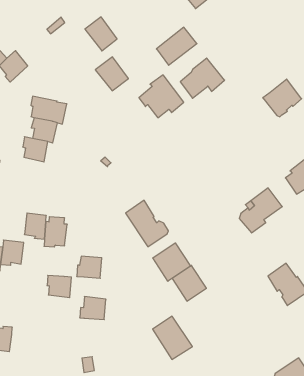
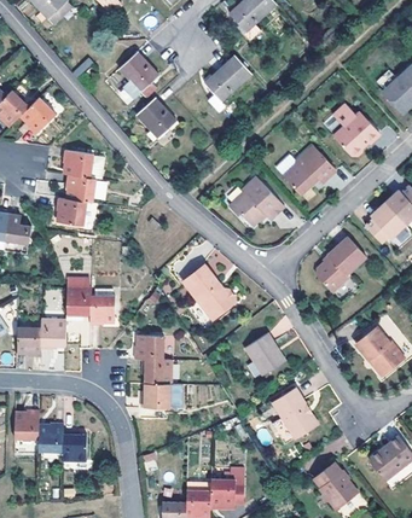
building: [180,58,225,98] -> [284,144,336,192]
building: [139,75,184,118] -> [232,175,285,226]
building: [153,243,191,281] -> none
building: [47,275,71,298] -> [139,357,167,382]
building: [153,316,192,359] -> [275,385,324,436]
building: none -> [58,431,83,460]

